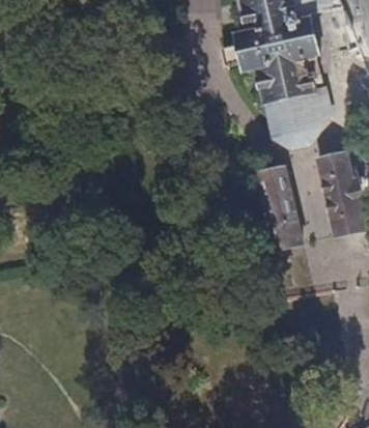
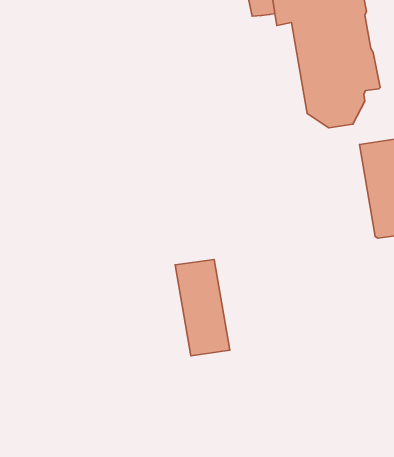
building: [256,167,303,244] -> [175,259,230,356]

